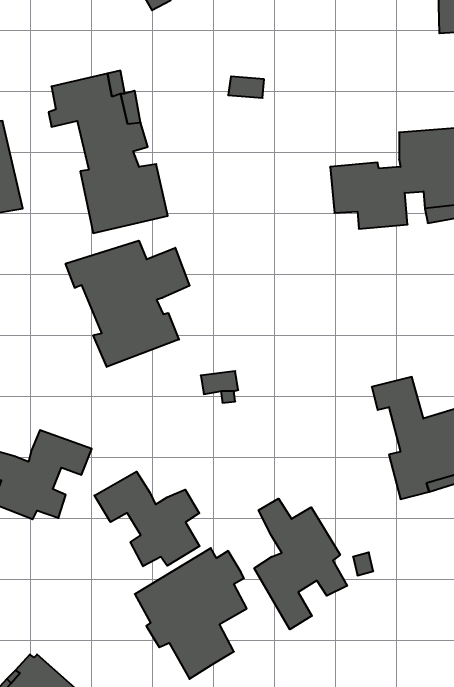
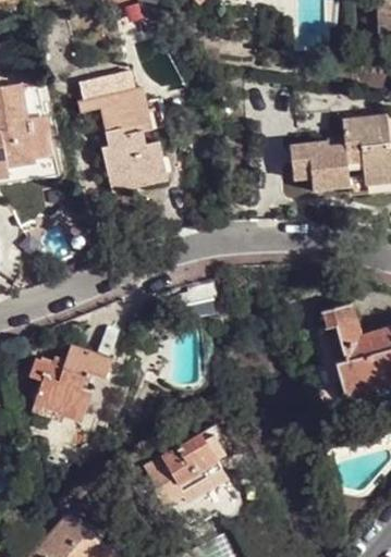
building: [66,241,190,367] -> none
building: [94,472,200,566] -> none
building: [254,499,347,629] -> none

